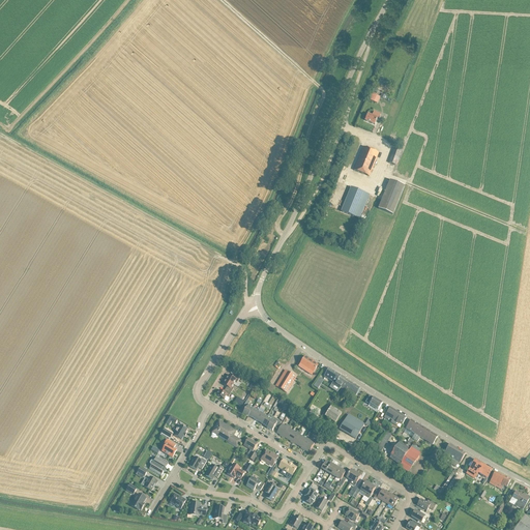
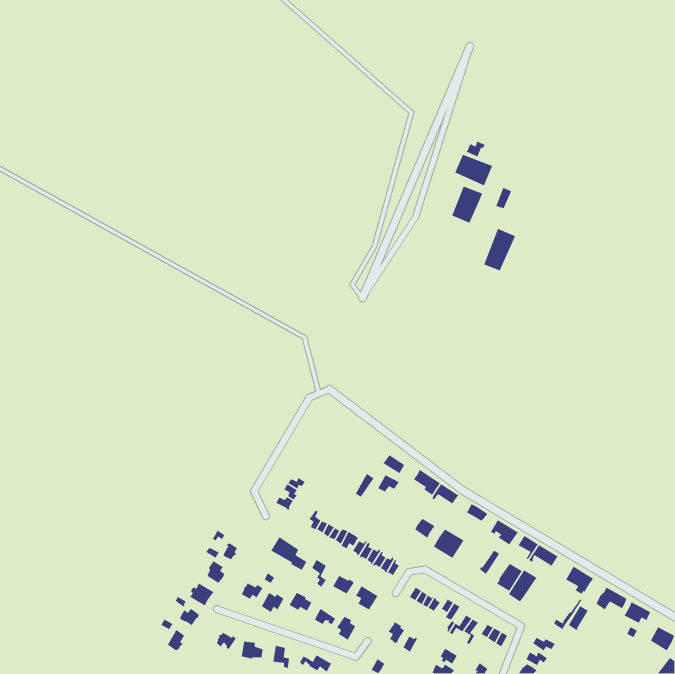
building: none -> [454,154,493,187]
building: [340,185,369,217] -> none

